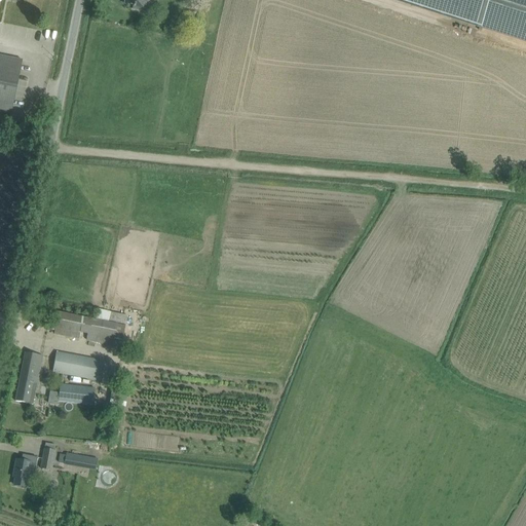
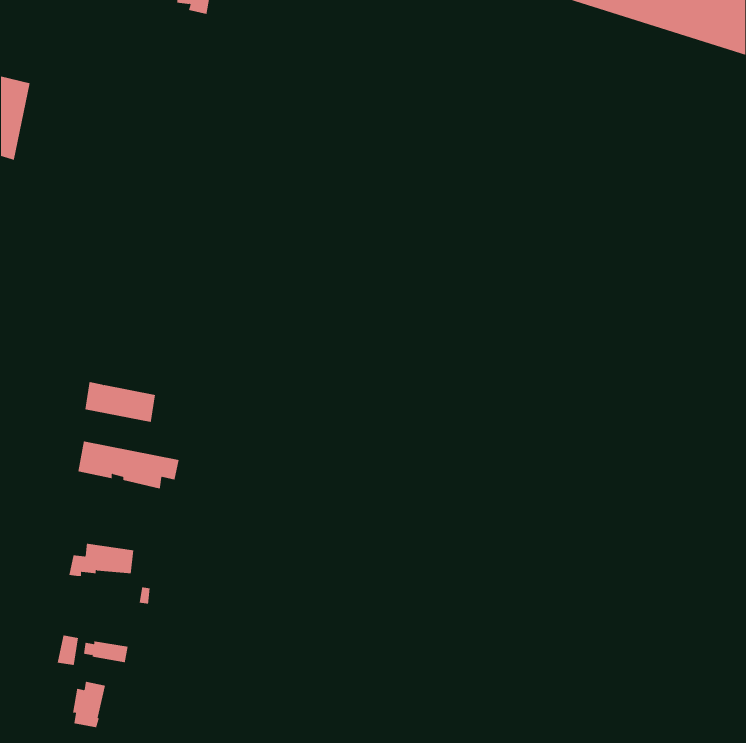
building: [15,350,42,403] -> none
building: [53,350,104,379] -> [84,382,156,422]
building: [13,453,37,486] -> [72,681,106,728]

